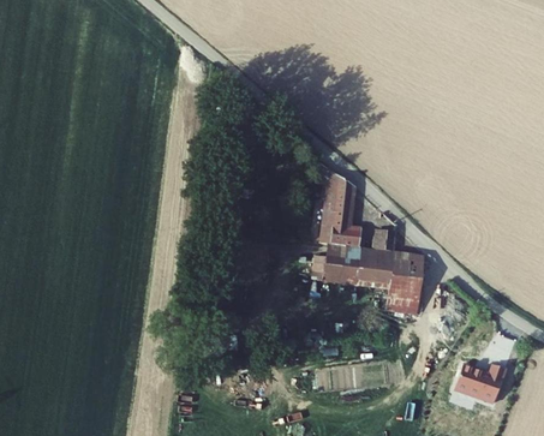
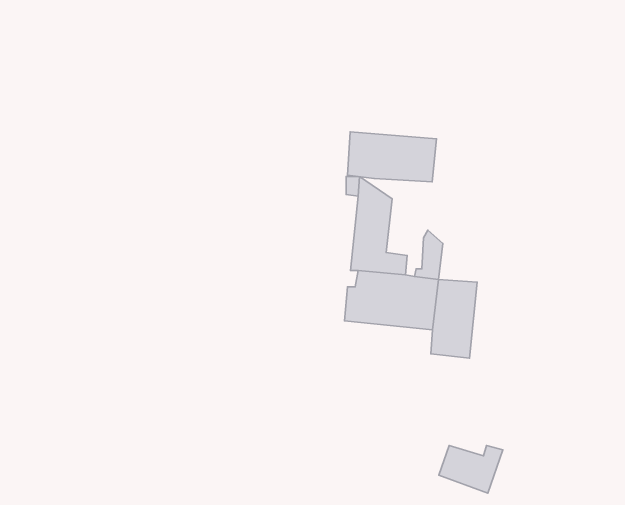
building: none -> [347,132,437,182]
building: [452,365,503,404] -> [439,445,503,493]

